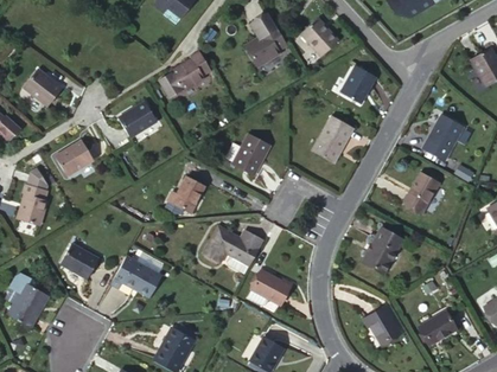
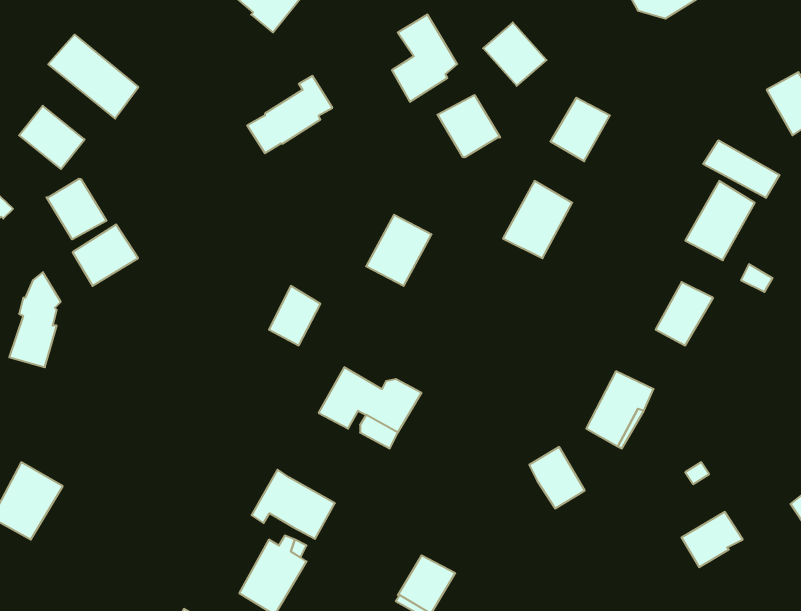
building: none -> [48,35,138,119]
building: none -> [437,95,500,157]
building: none -> [703,140,779,198]
building: [119,102,158,137] -> none
building: none -> [46,179,106,239]
building: [60,243,100,280] -> none
building: [111,256,161,297] -> [252,470,335,539]
building: [247,271,291,304] -> none
building: [367,307,400,344] -> [529,447,585,508]

